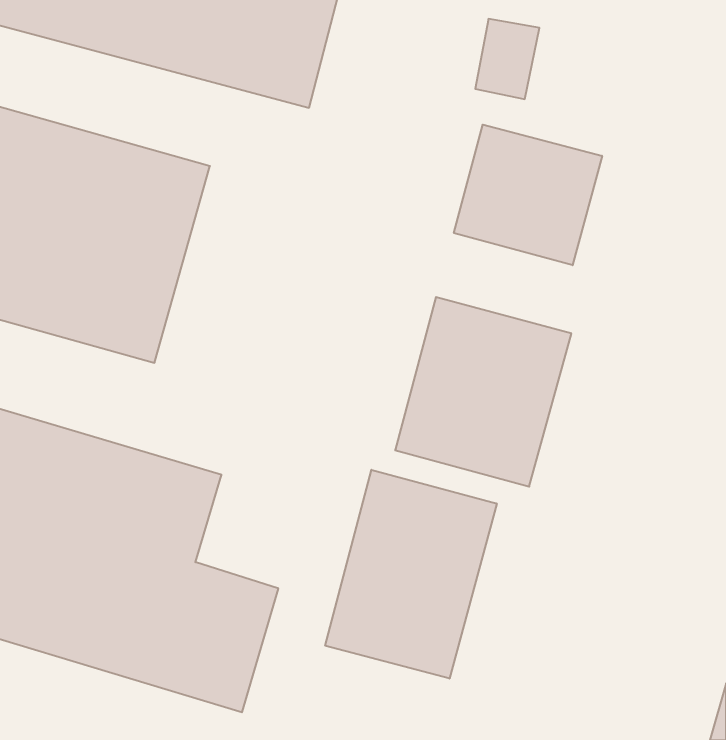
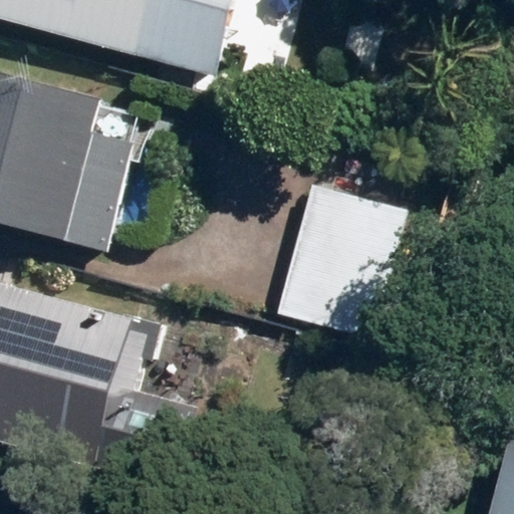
building: [454,125,602,265] -> none
building: [325,470,497,679] -> none

